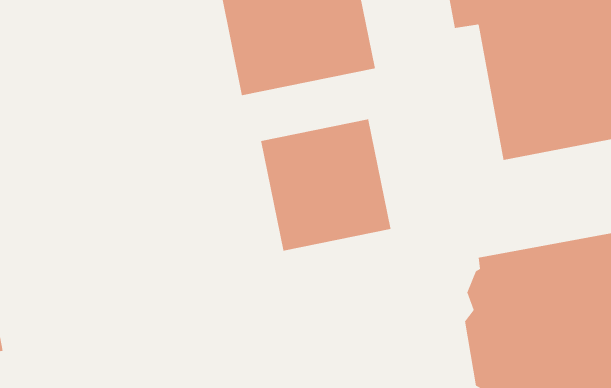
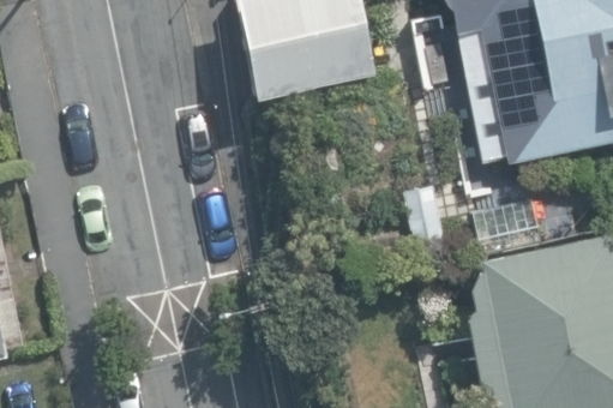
building: [261,119,391,251] -> none

